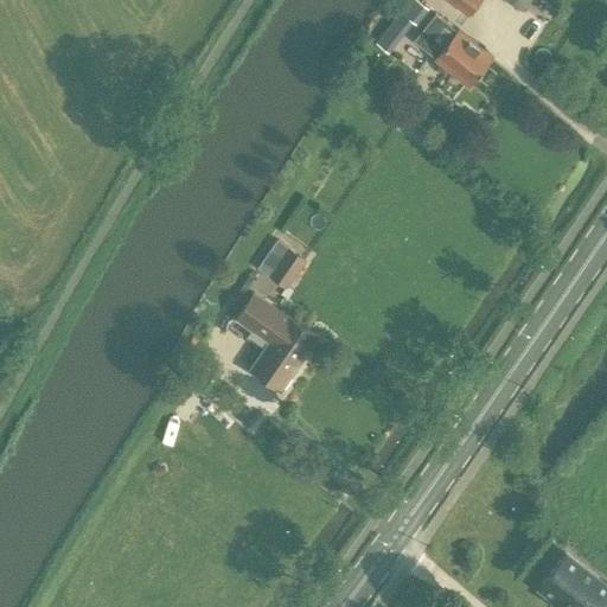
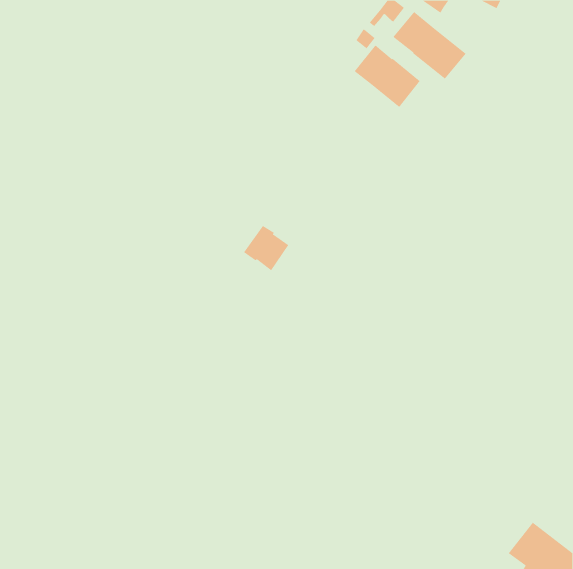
building: none -> [354,44,421,108]
building: [237,296,317,391] -> none

